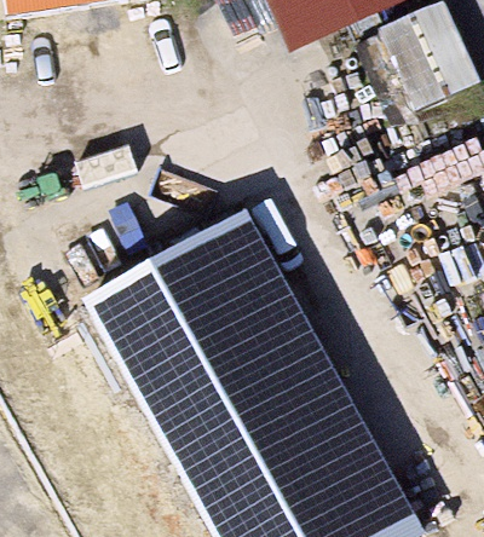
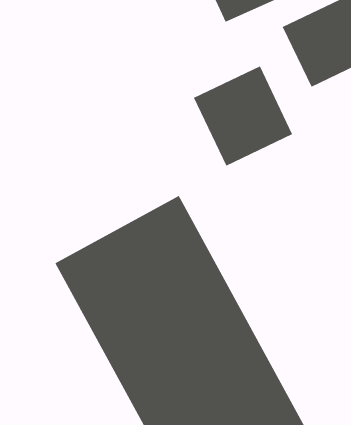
building: none -> [193,66,293,167]

